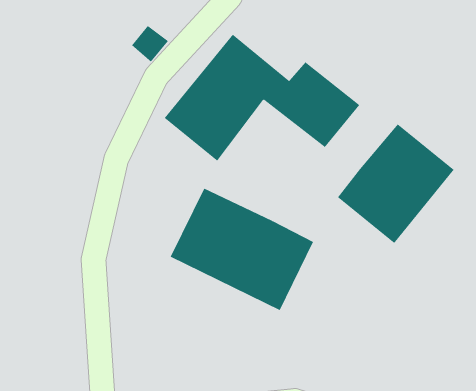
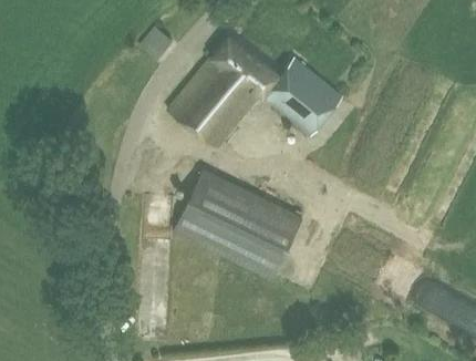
building: [337,123,455,244] -> none

